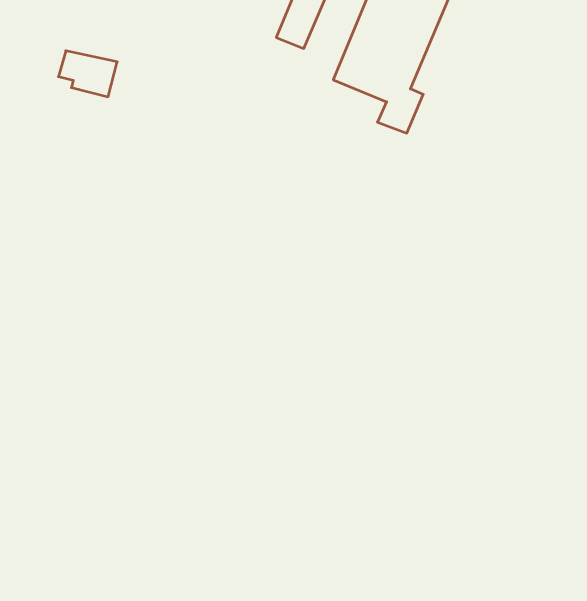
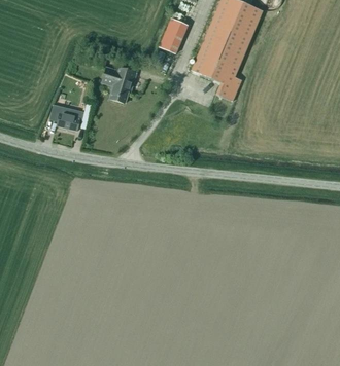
building: [58,51,117,97] -> [50,104,83,130]
building: none -> [103,66,137,102]

